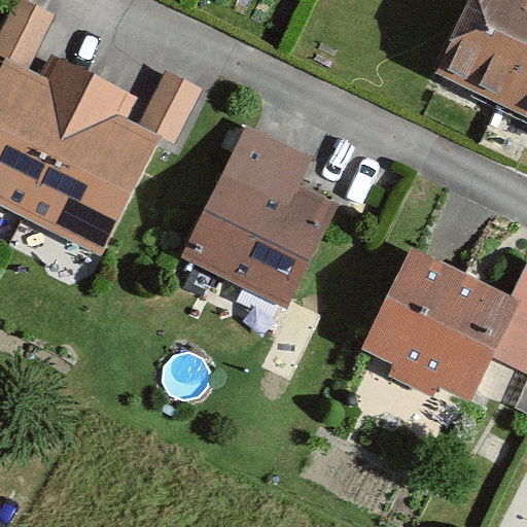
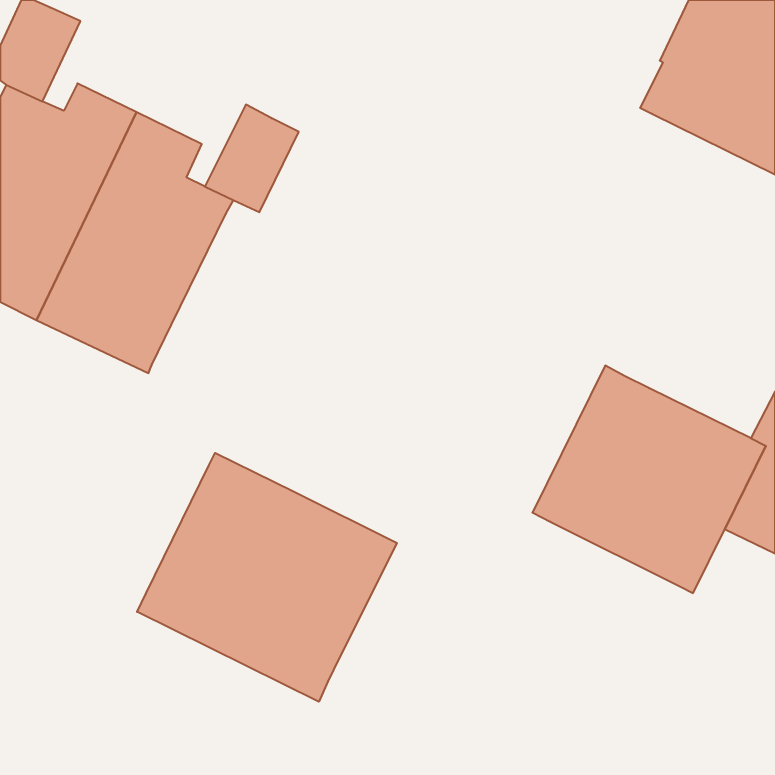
building: [179,124,337,310] -> none
building: none -> [137,453,397,702]

